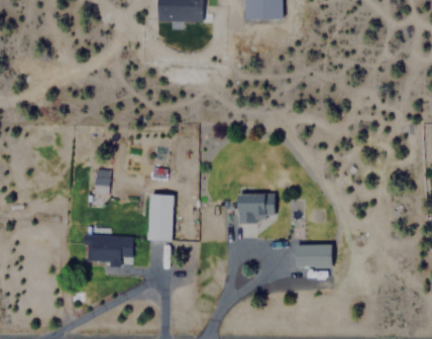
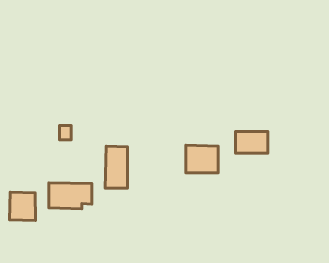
building: [297,244,333,268] -> [235,132,268,153]
building: none -> [10,192,35,220]

